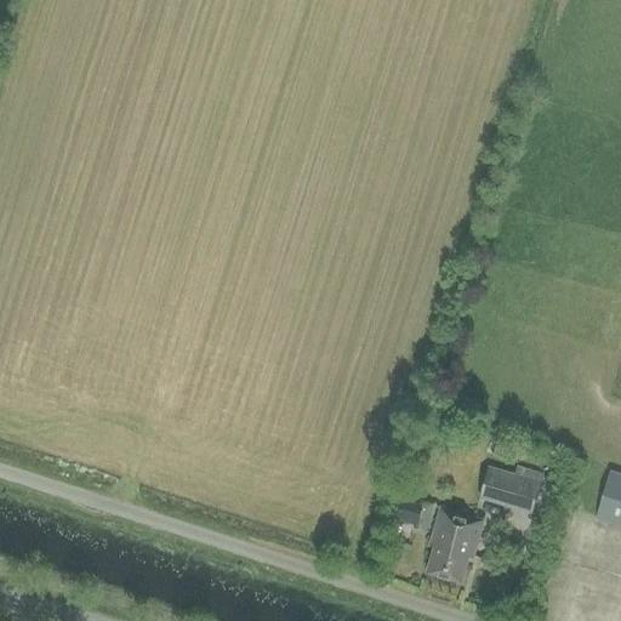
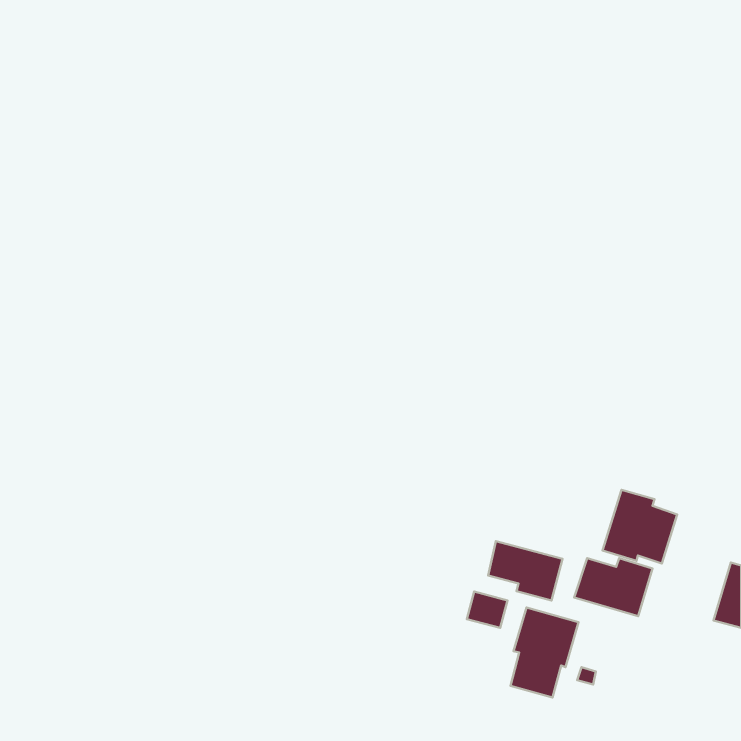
building: none -> [603,490,677,563]
building: none -> [488,541,562,600]

